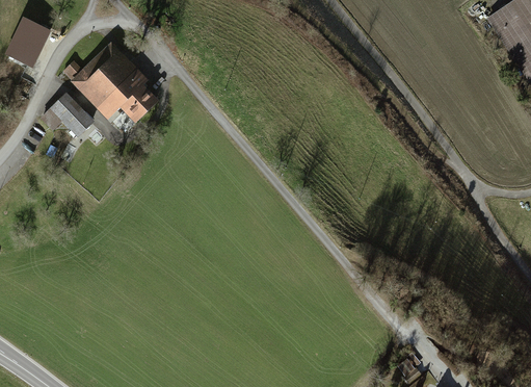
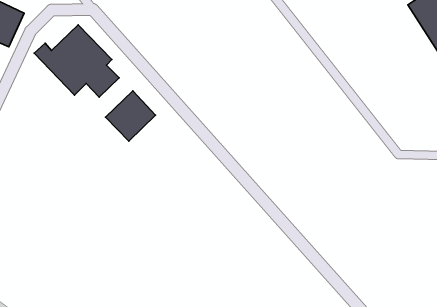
building: [44,96,96,140] -> none
building: none -> [105,91,155,141]

